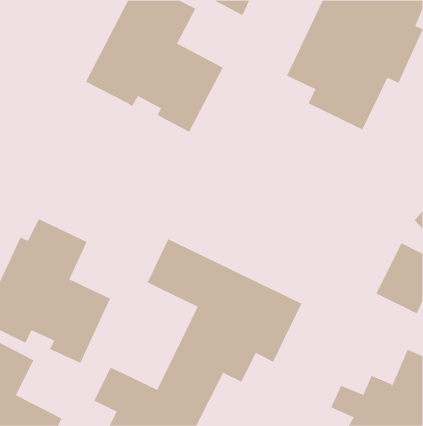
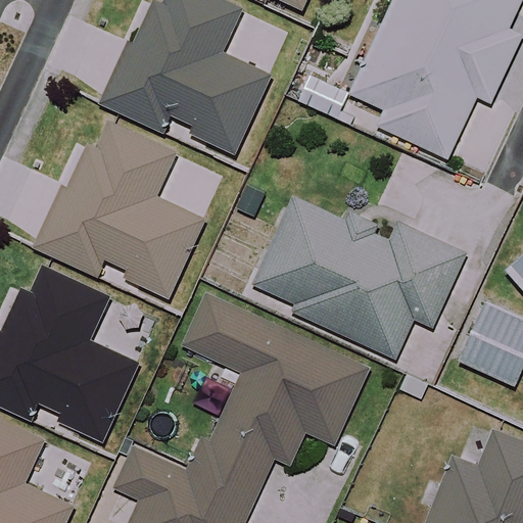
building: none -> [36,120,201,298]
building: none -> [253,196,465,356]

